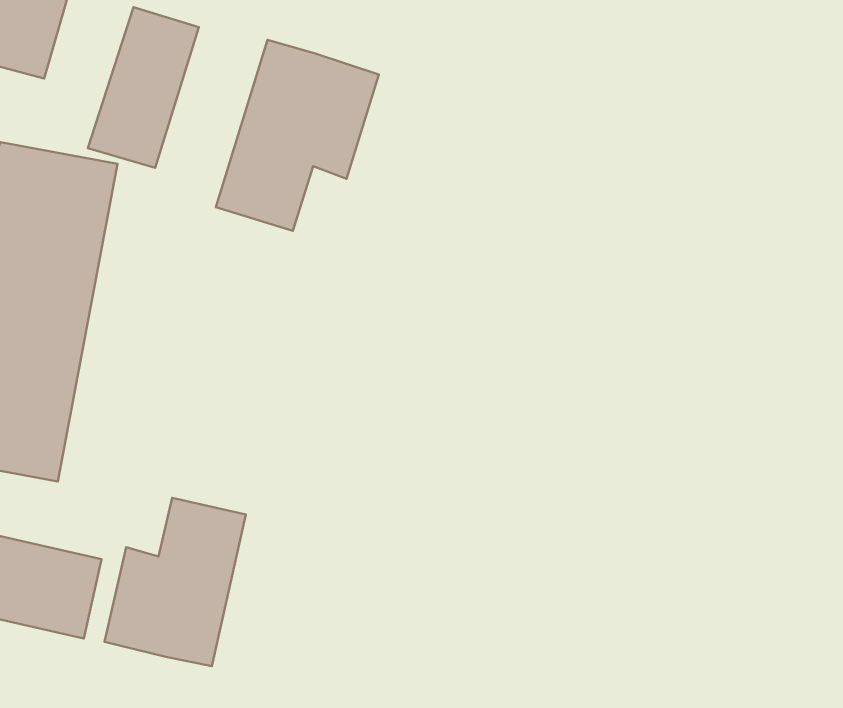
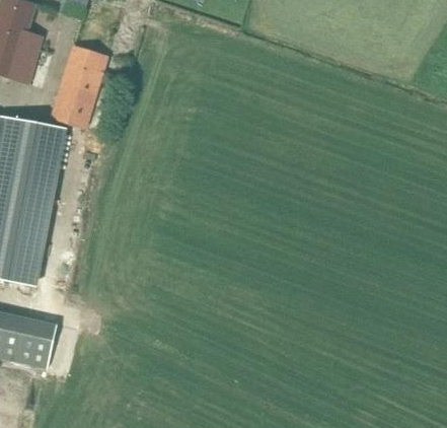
building: [216,40,379,231] -> none
building: [104,498,246,666] -> none

